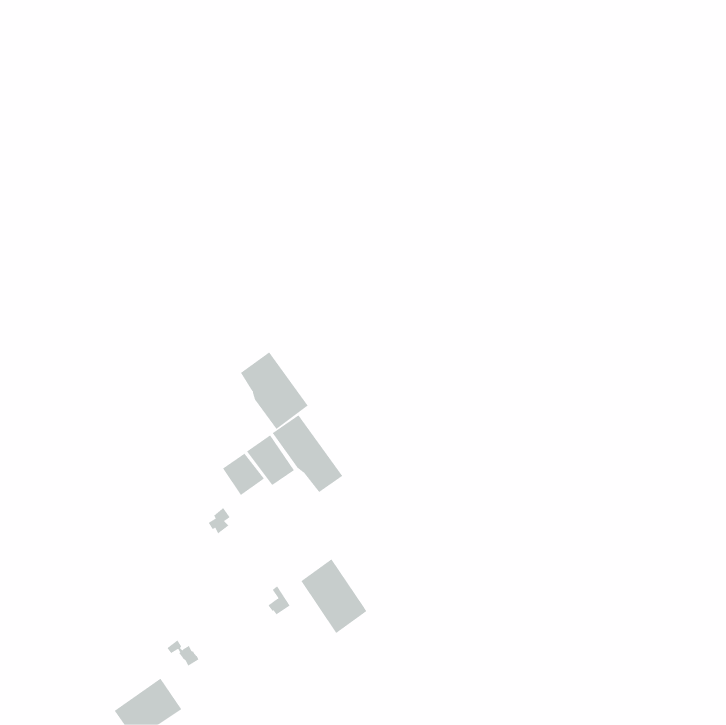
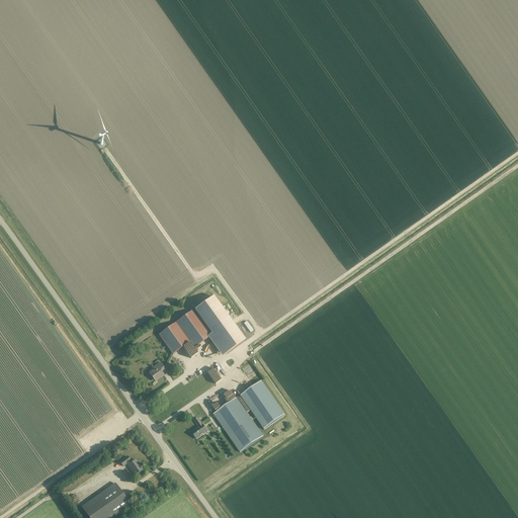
building: [240,351,308,430] -> none
building: none -> [240,379,283,427]

